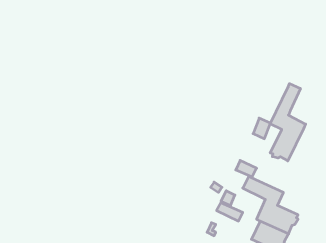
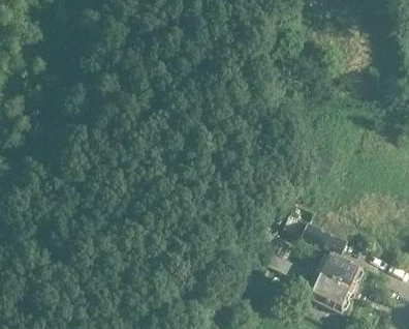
building: [270,84,306,161] -> none

